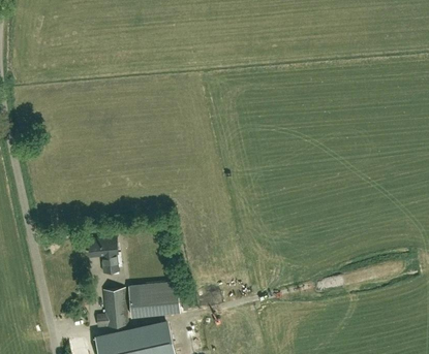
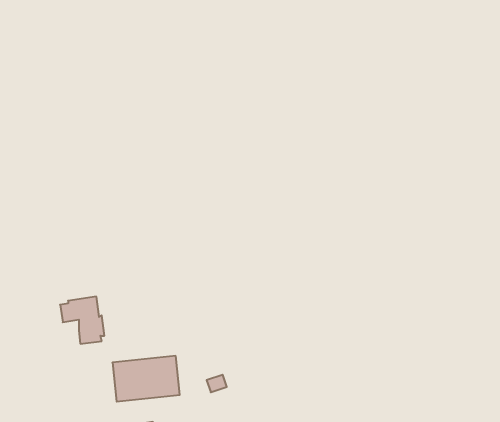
building: [95,285,127,323] -> none

